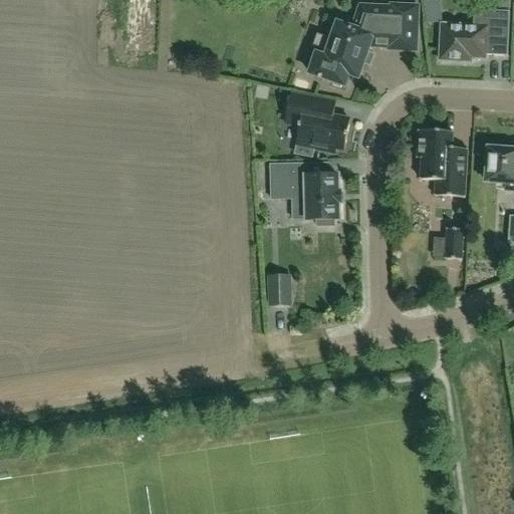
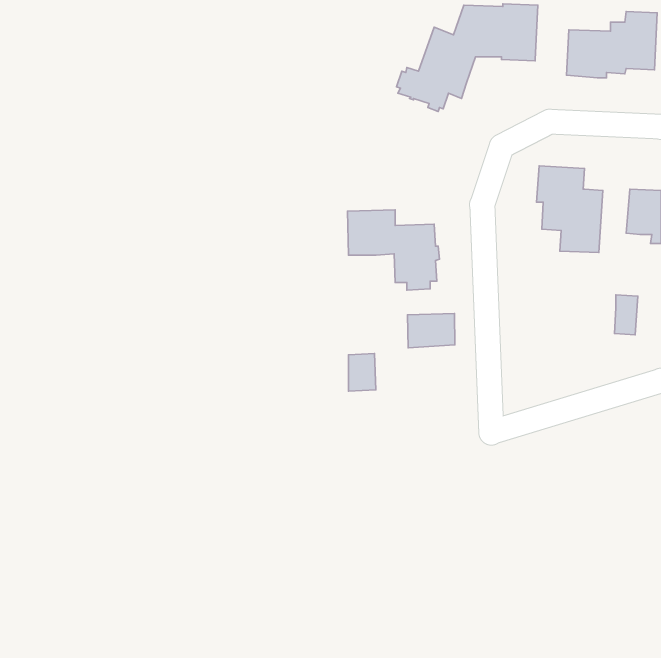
building: [284,92,349,151] -> none
building: [445,227,463,258] -> [614,295,638,335]
building: none -> [408,313,455,348]

